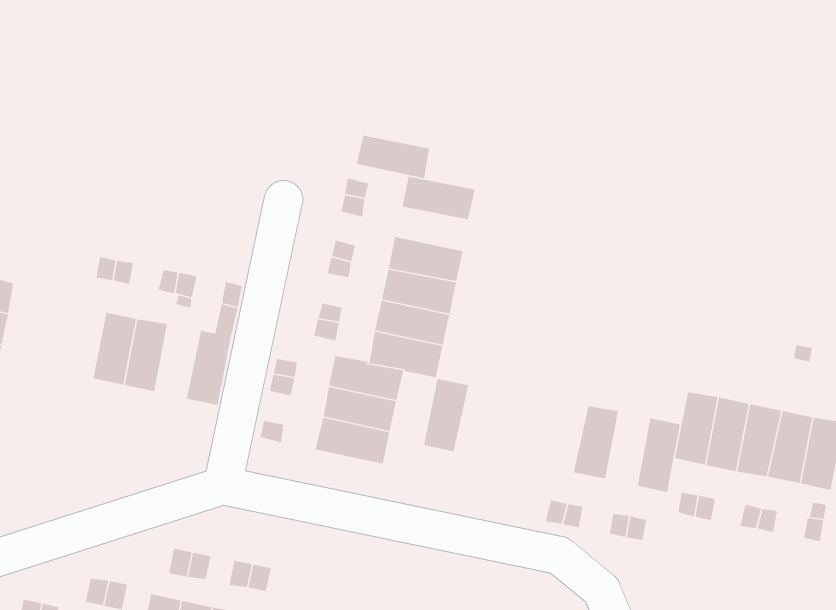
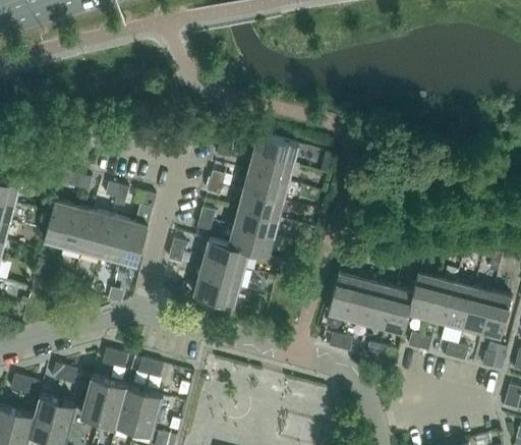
building: [356,135,430,179] -> [248,153,293,181]
building: none -> [44,201,73,245]
building: none -> [100,215,129,261]
building: [423,378,469,452] -> [329,273,358,318]
building: none -> [366,282,395,328]

